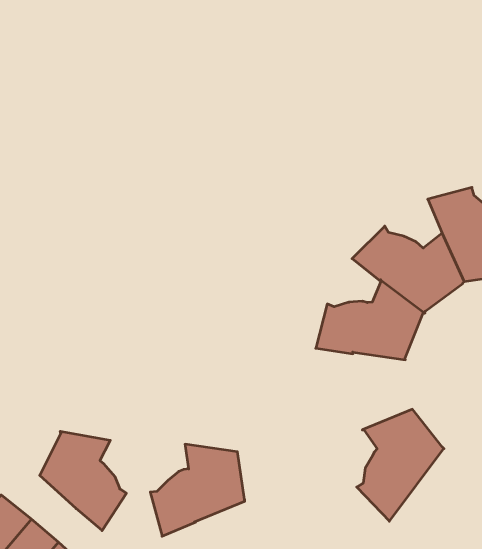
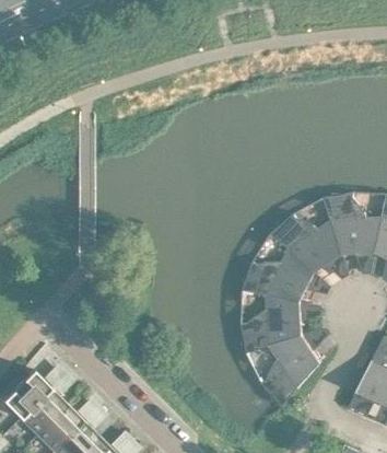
building: [40,431,126,531] -> none
building: [150,444,245,536] -> [241,293,302,352]

